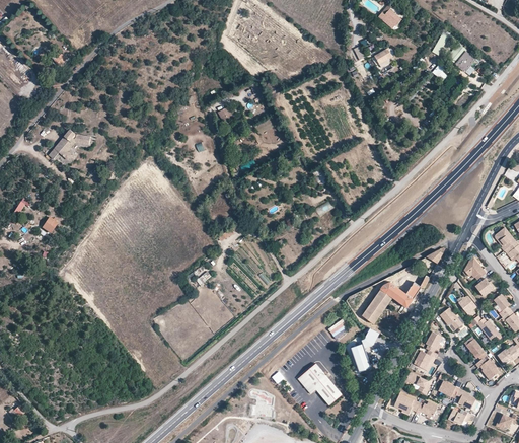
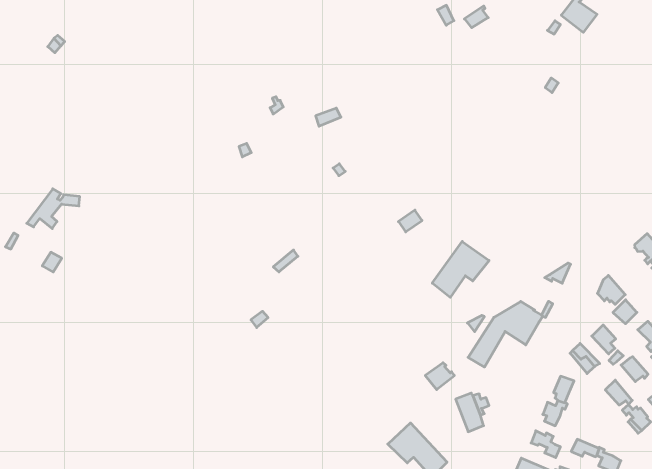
building: [48,130,89,160] -> [27,189,80,229]
building: none -> [432,241,489,297]

